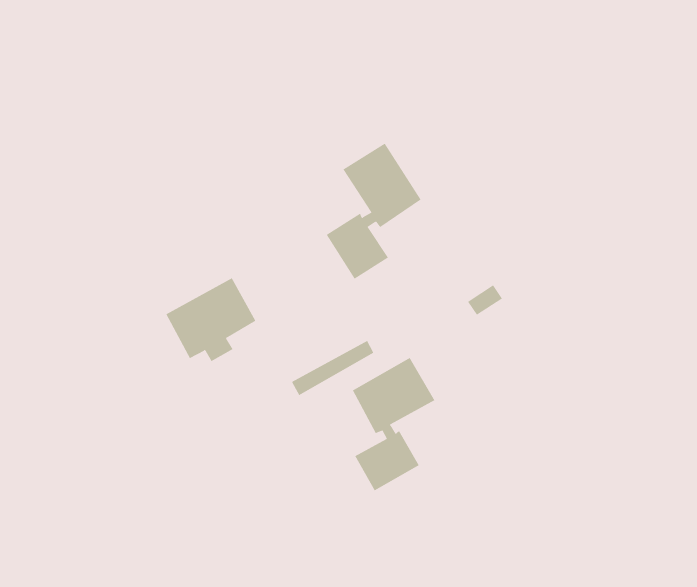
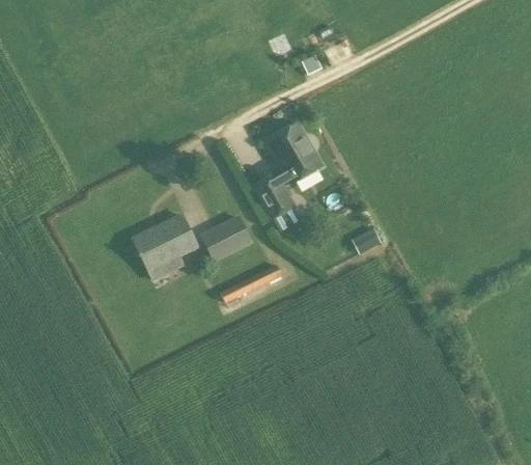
building: none -> [199,214,253,263]
building: [352,357,435,491] -> none

